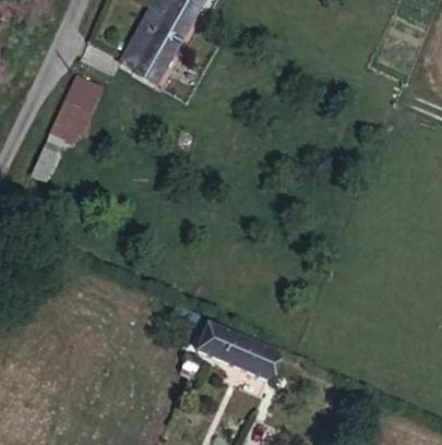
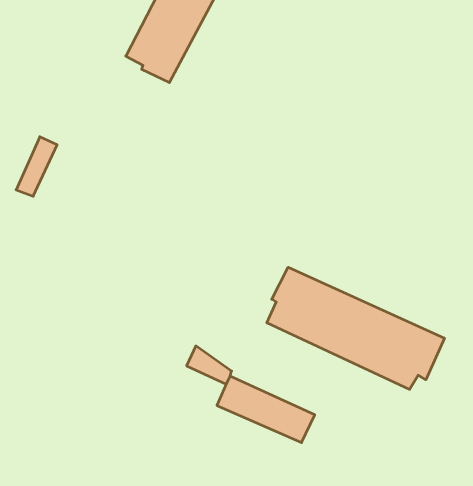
building: [51,72,98,139] -> none
building: none -> [267,267,444,389]

